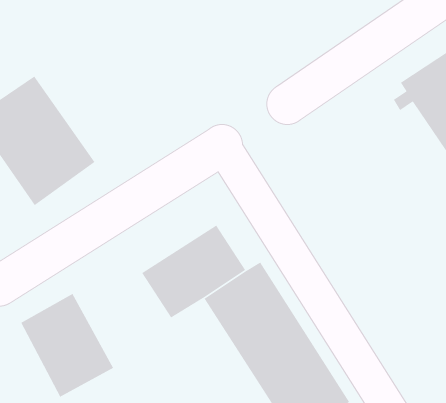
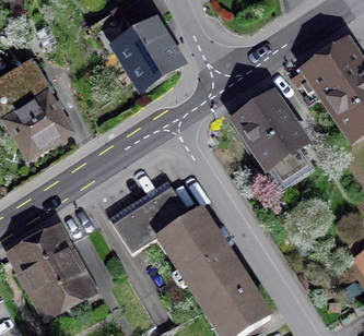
building: none -> [106,20,185,97]
building: none -> [235,92,309,184]

